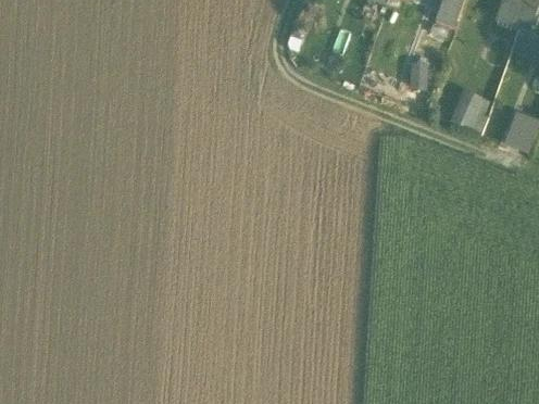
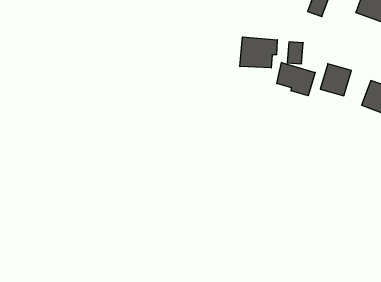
building: none -> [240,37,277,68]
building: none -> [277,62,315,96]

